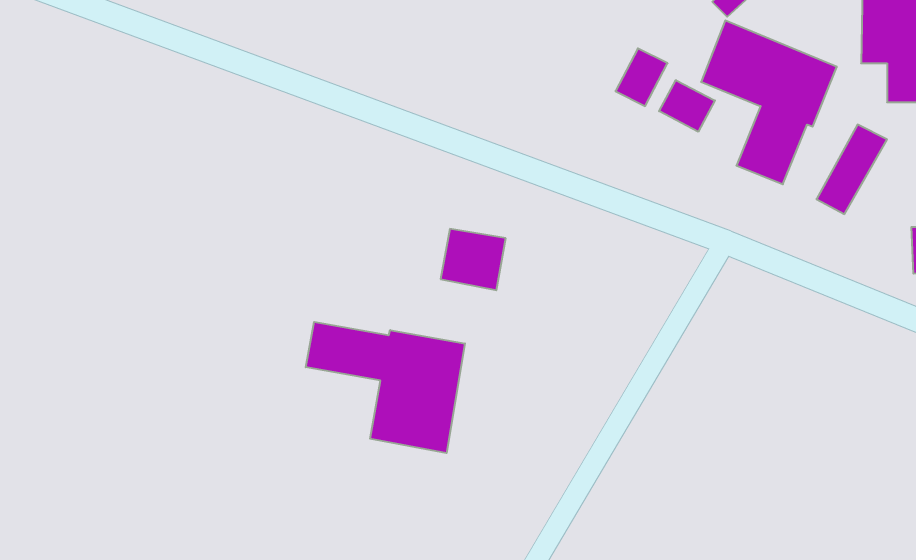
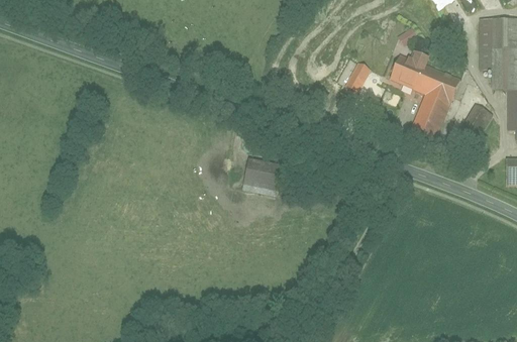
building: [659,80,715,132] -> none
building: [306,322,465,453] -> none

